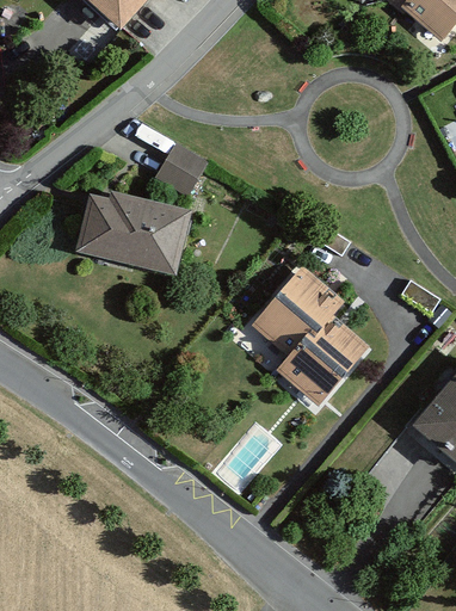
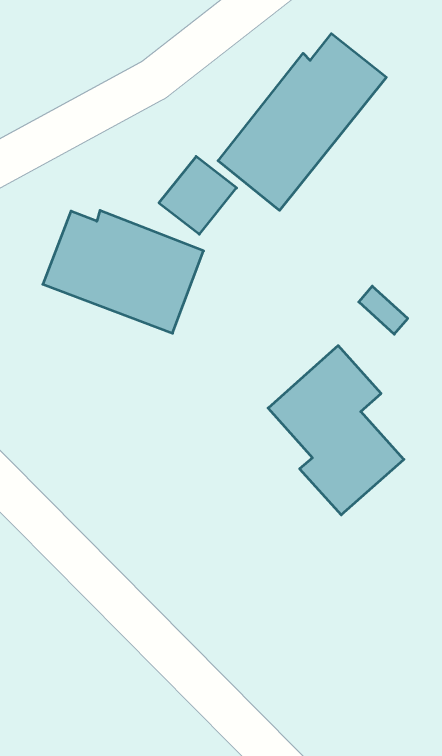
building: none -> [218,34,386,210]

